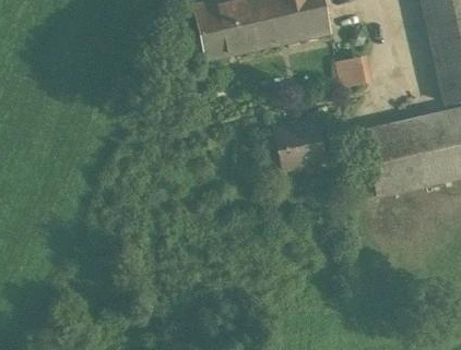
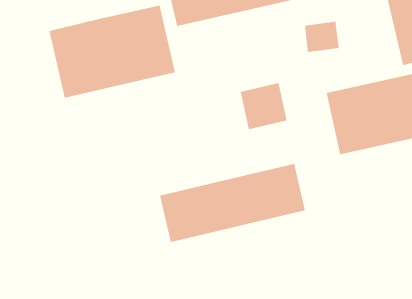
building: none -> [49,5,175,98]
building: none -> [160,163,306,243]

